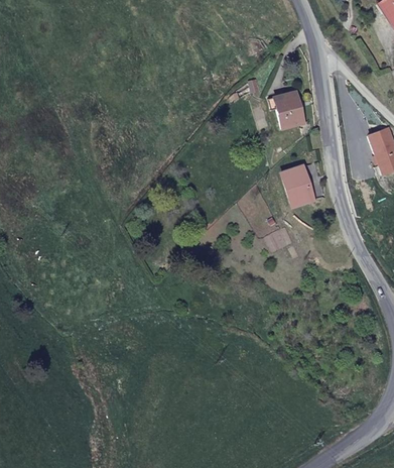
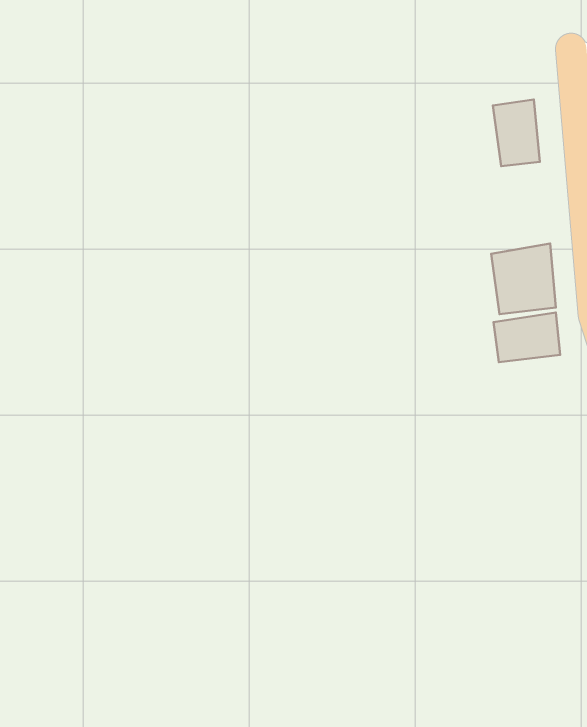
building: none -> [493,313,560,362]

